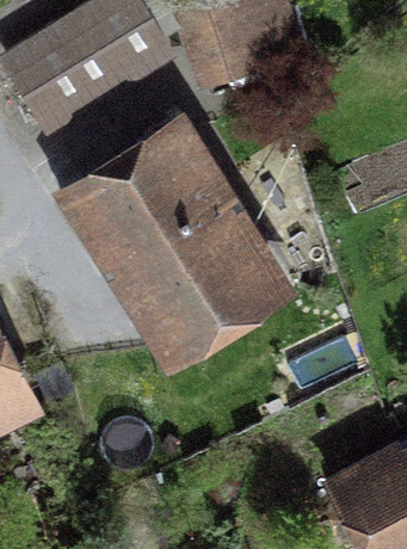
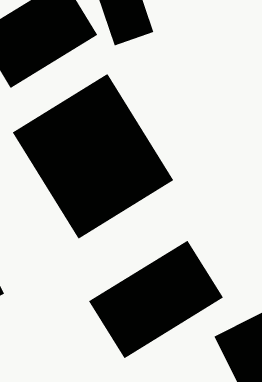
building: none -> [88,240,224,359]

